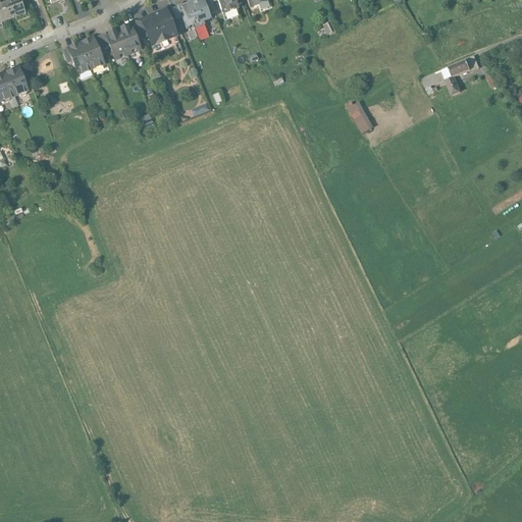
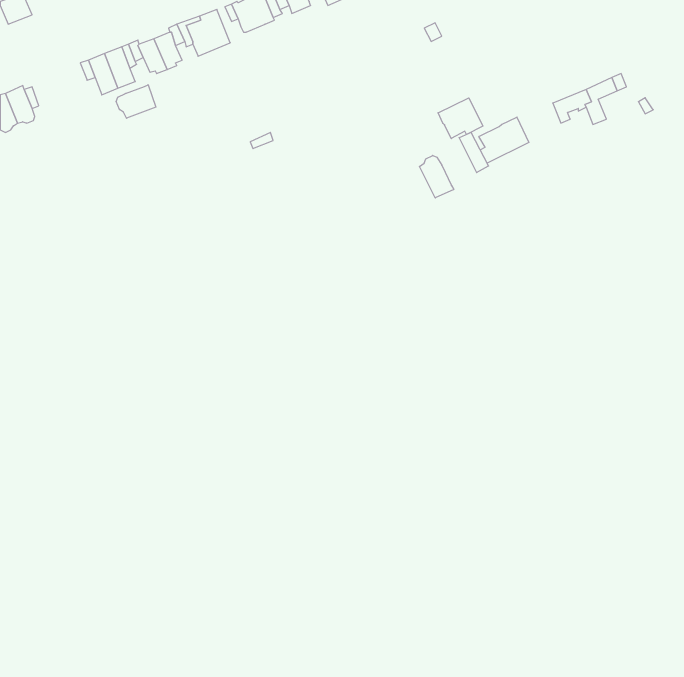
building: none -> [116,85,156,118]
building: none -> [438,98,483,139]
building: none -> [479,117,529,163]
building: none -> [419,155,454,198]

